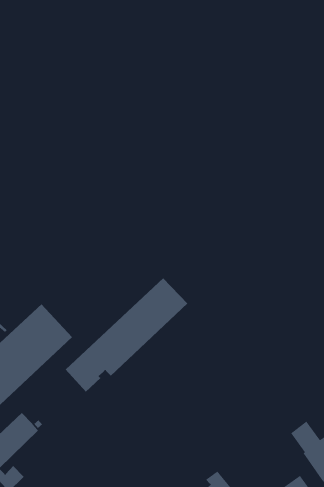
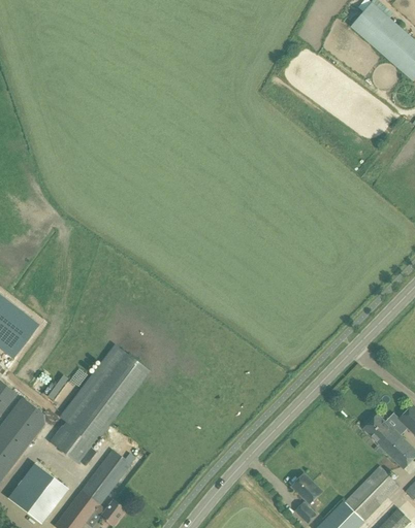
building: [65,277,188,393] -> none

